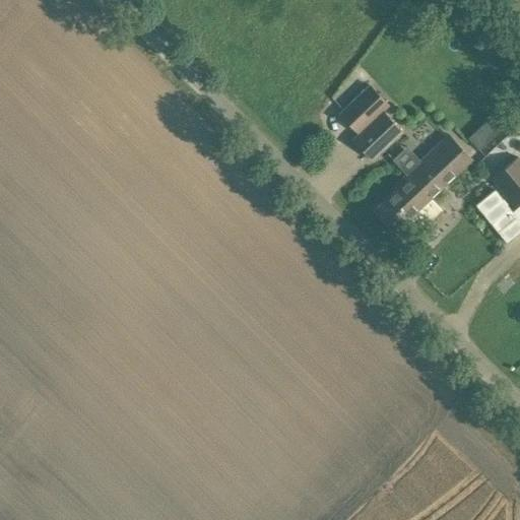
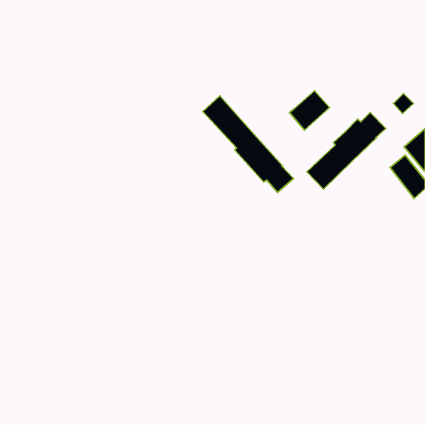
building: [341,85,390,133] -> none
building: none -> [203,96,294,192]

